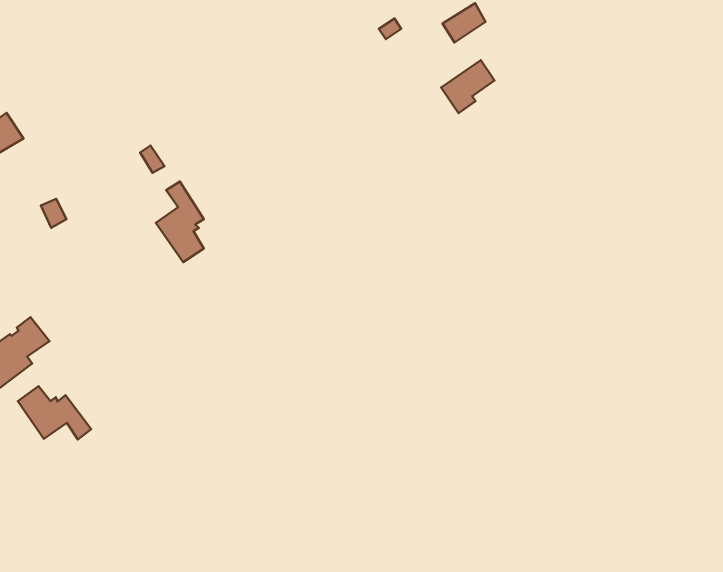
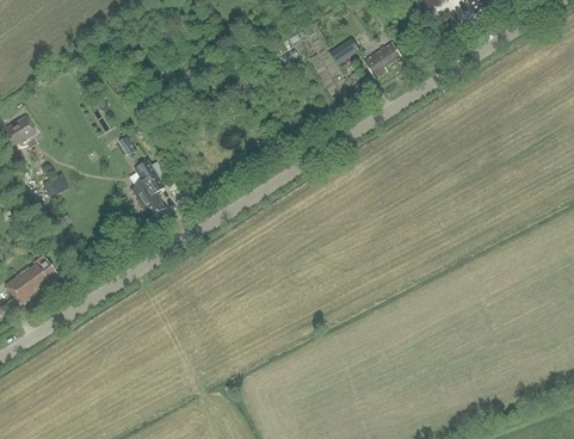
building: [441,60,494,113] -> [364,41,401,78]
building: [18,386,91,439] -> none

